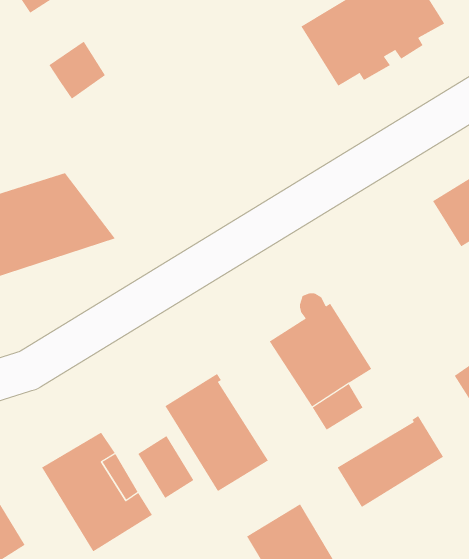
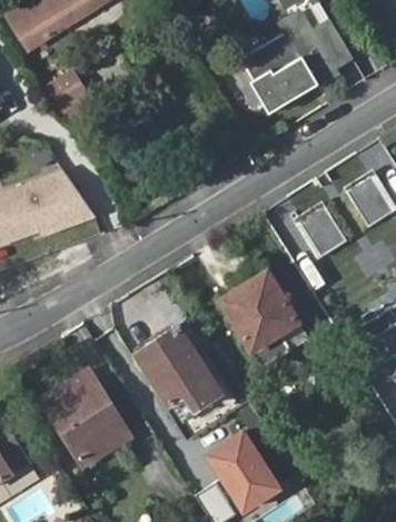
building: none -> [295,206,346,259]
building: [337,415,444,508] -> none
building: [137,435,194,499] -> none

